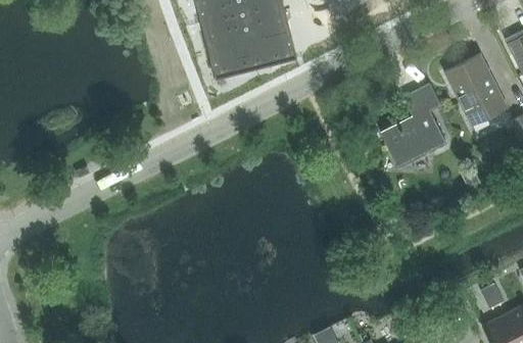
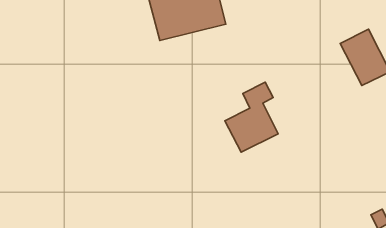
building: [379,85,446,174] -> [225,82,278,152]

